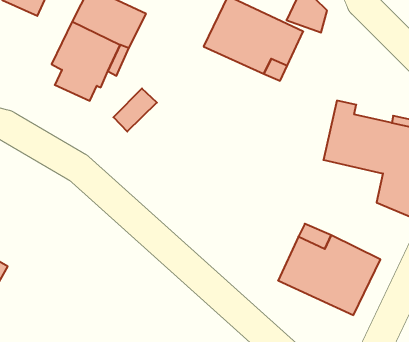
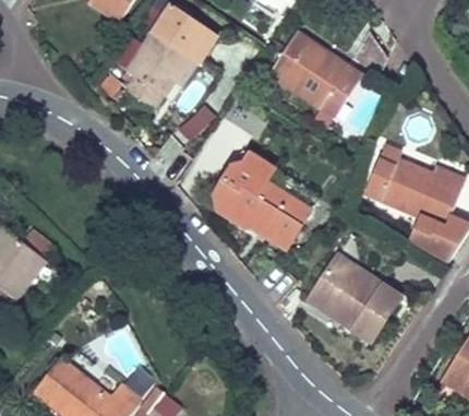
building: none -> [209,148,313,252]

